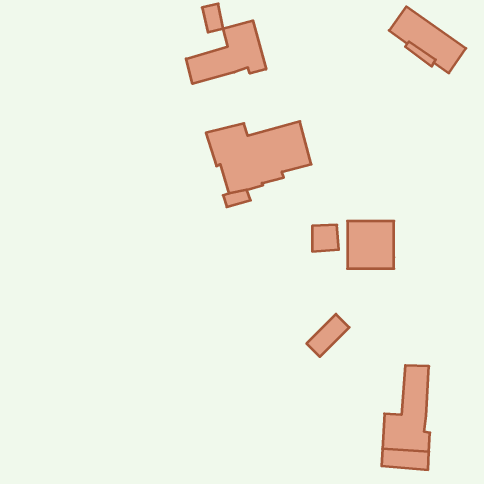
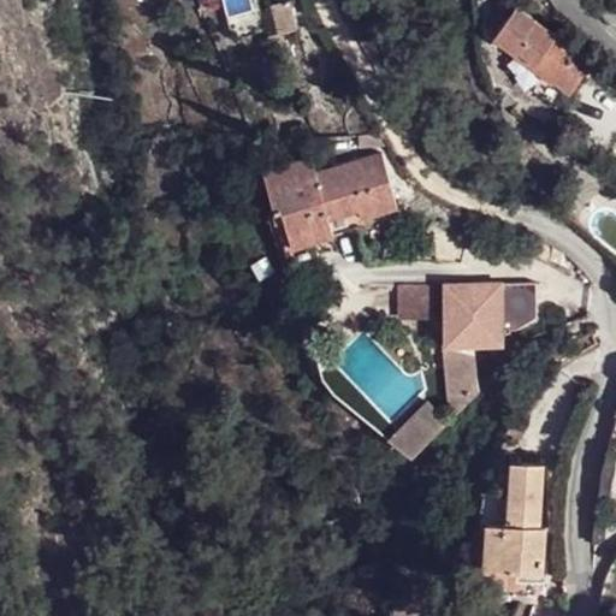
building: [186,21,266,84] -> none
building: none -> [499,280,533,327]
building: none -> [440,342,473,414]

